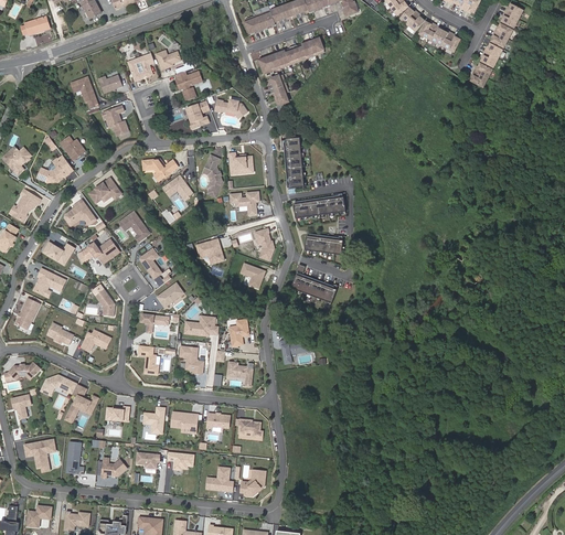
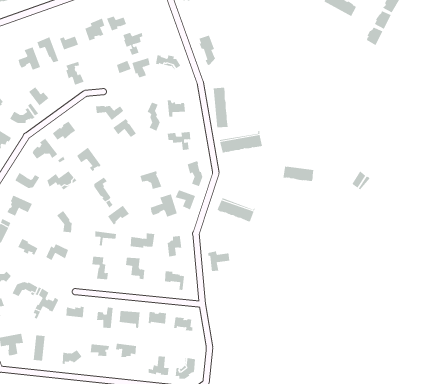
building: [258,38,323,73] -> none
building: none -> [18,46,41,71]
building: [303,235,342,255] -> [283,165,314,182]
building: none -> [150,193,178,217]

